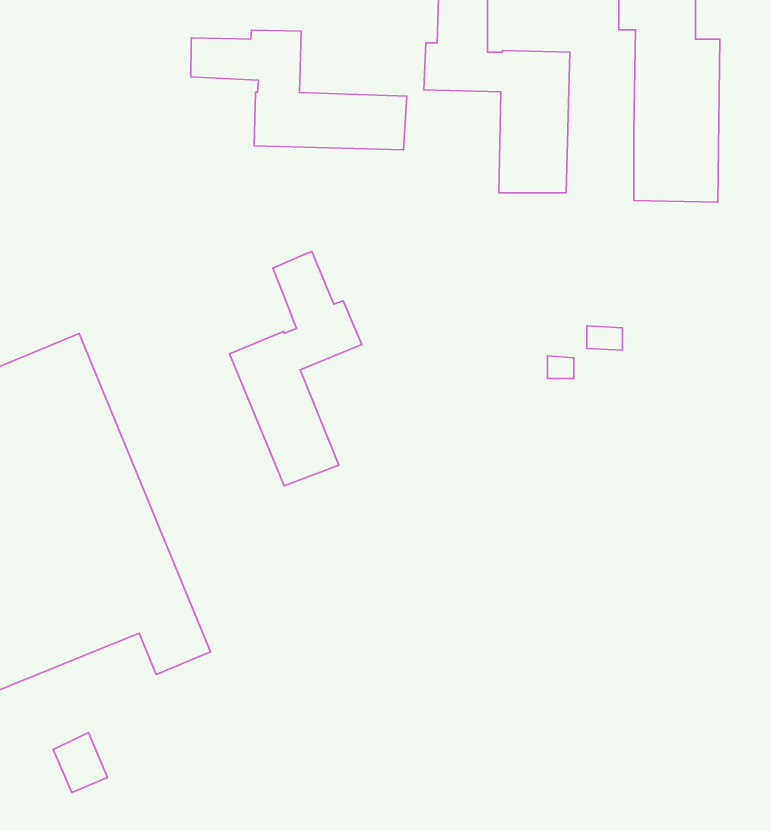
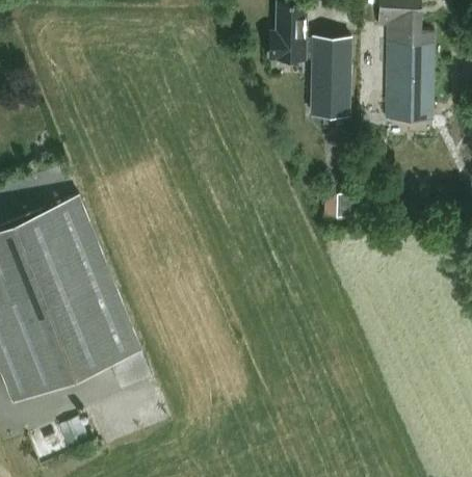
building: [191,30,407,150] -> none
building: [230,252,362,486] -> none

